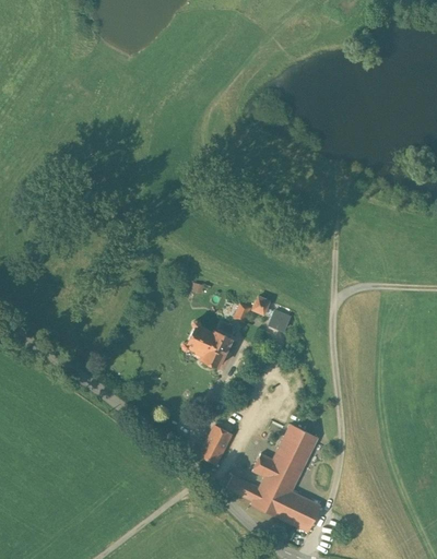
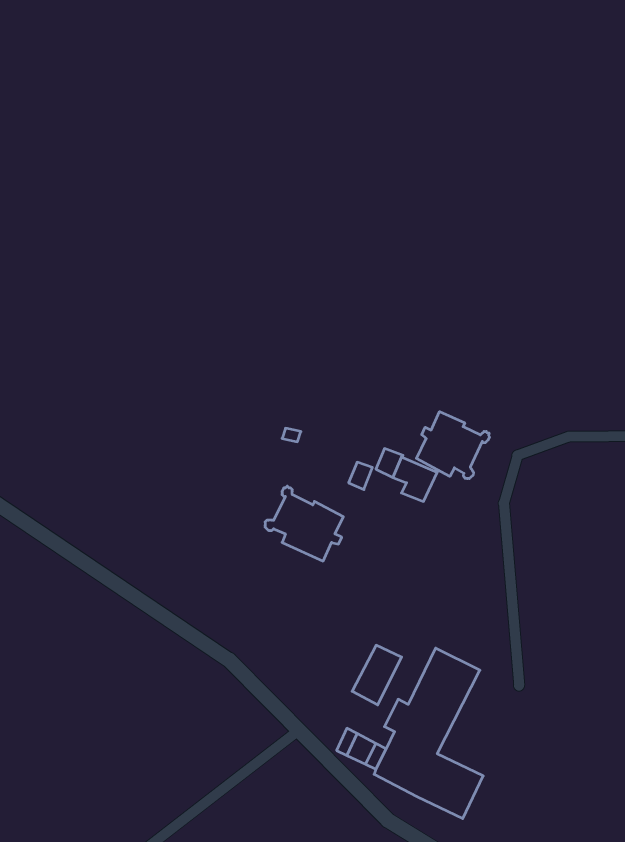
building: none -> [416,412,489,479]
building: [200,426,232,464] -> [352,645,402,705]

